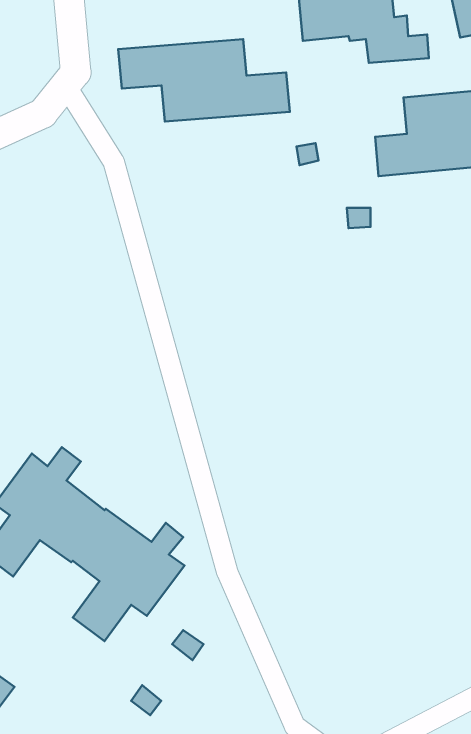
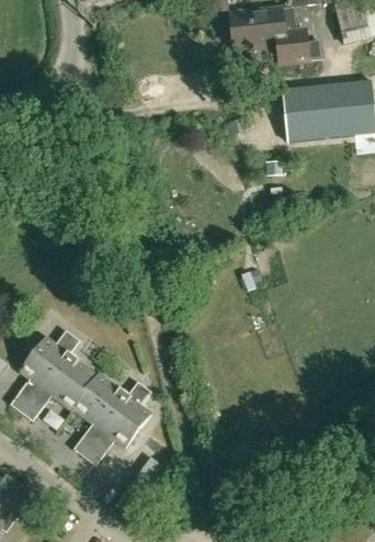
building: [118,39,290,122] -> none

